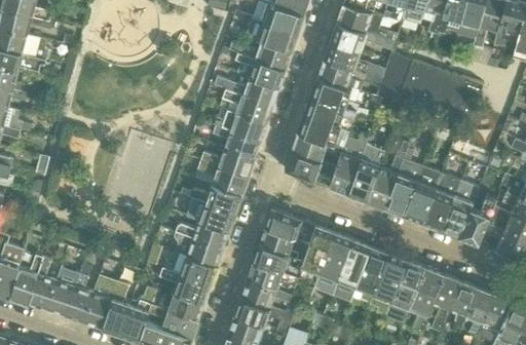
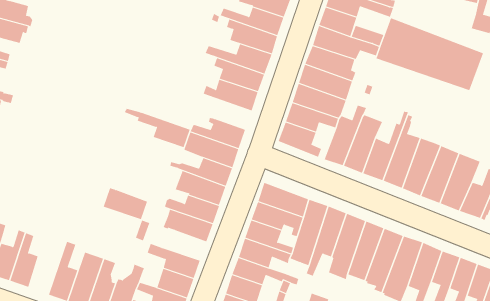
building: [195,120,259,158] -> [124,108,191,148]
building: [173,253,216,283] -> [103,187,148,220]
building: [45,267,78,316] -> none

